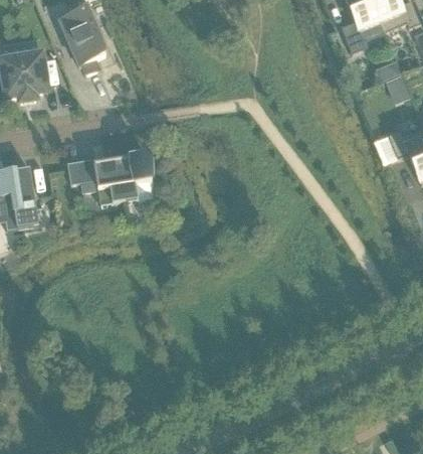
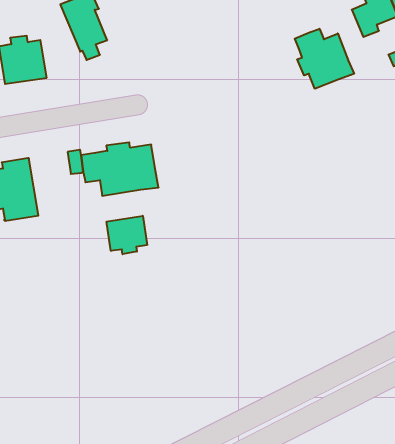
building: none -> [295,29,354,89]
building: none -> [107,216,147,254]

